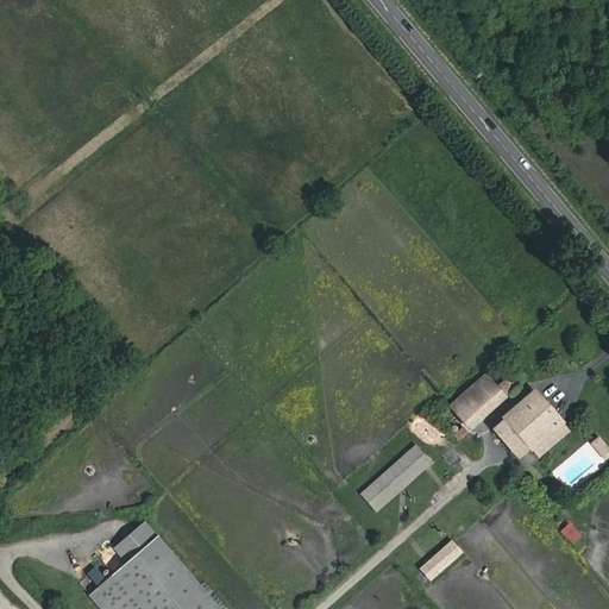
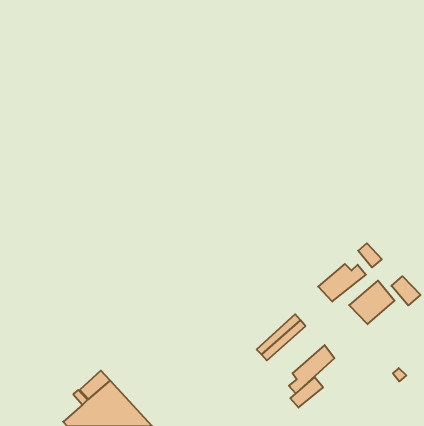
building: none -> [358,243,382,267]
building: none -> [391,276,420,305]
building: none -> [289,345,334,394]

